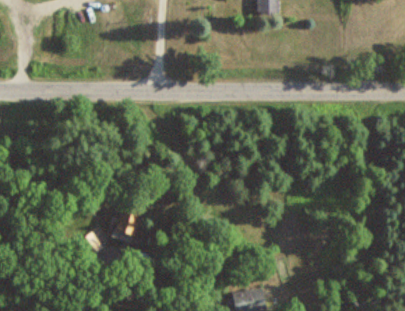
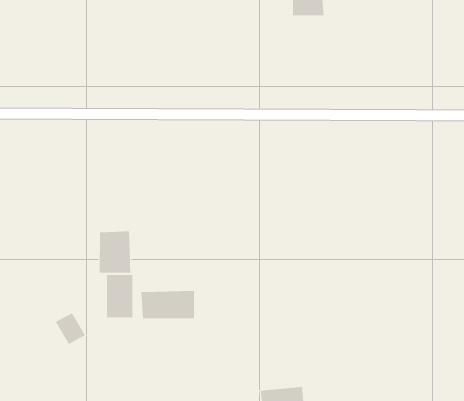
building: none -> [99,231,131,274]
building: none -> [141,290,195,319]

